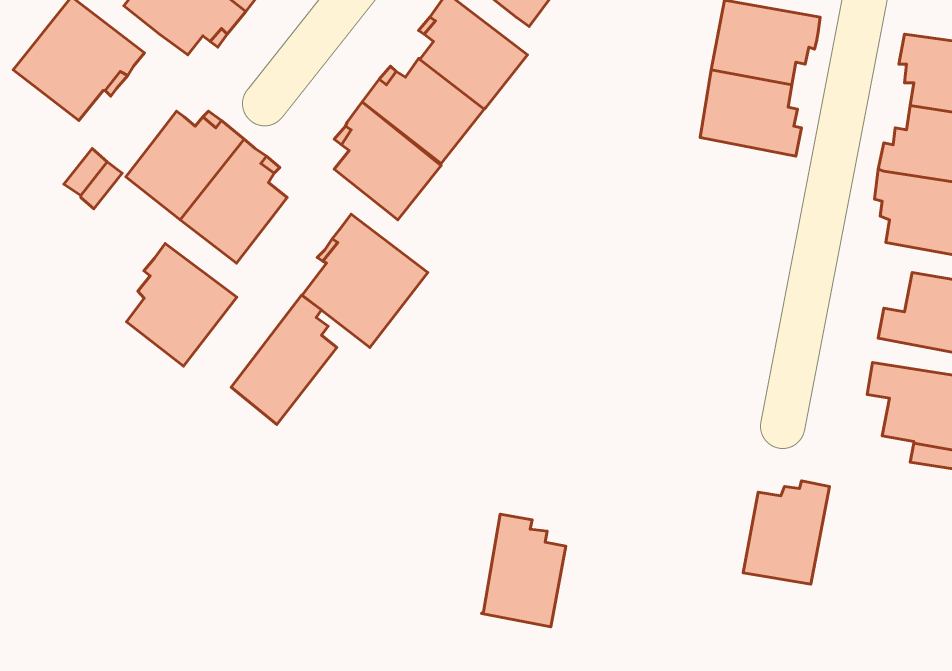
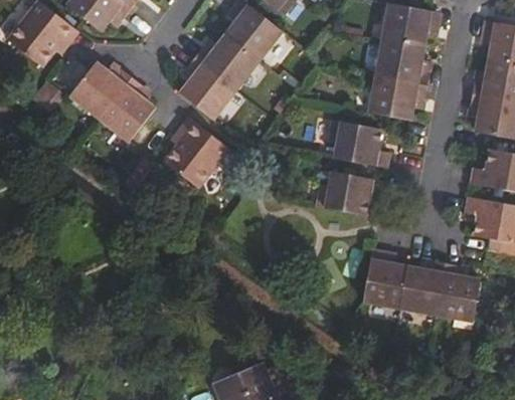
building: none -> [369,75,427,120]
building: none -> [329,120,391,168]
building: [126,244,237,366] -> none
building: [231,295,337,425] -> none
building: none -> [317,171,386,216]
building: none -> [436,262,482,322]
building: [481,514,566,627] -> [362,248,407,309]

